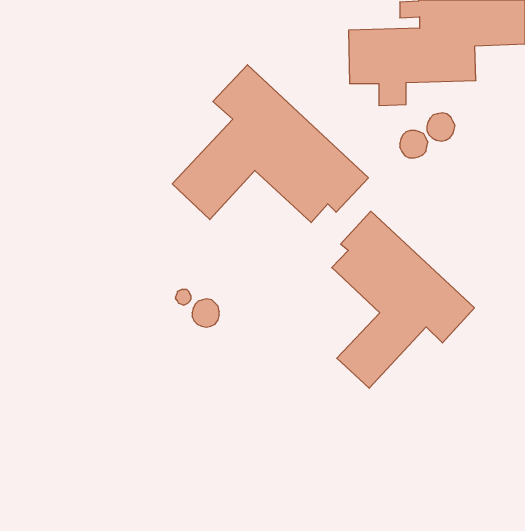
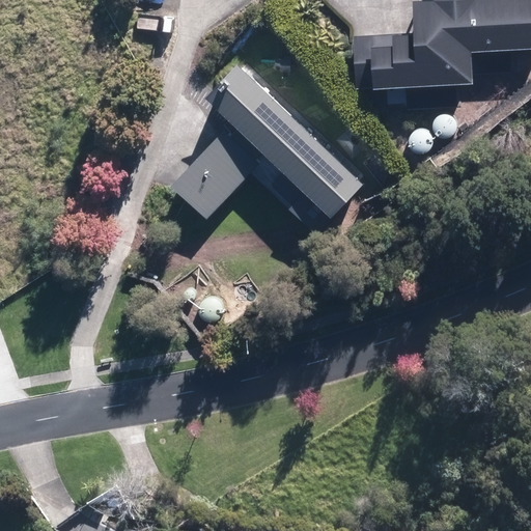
building: [332,211,474,388] -> none

